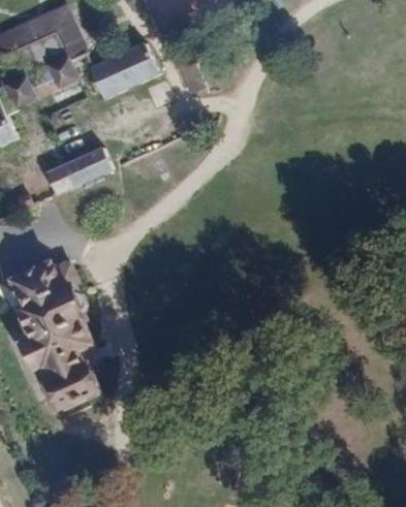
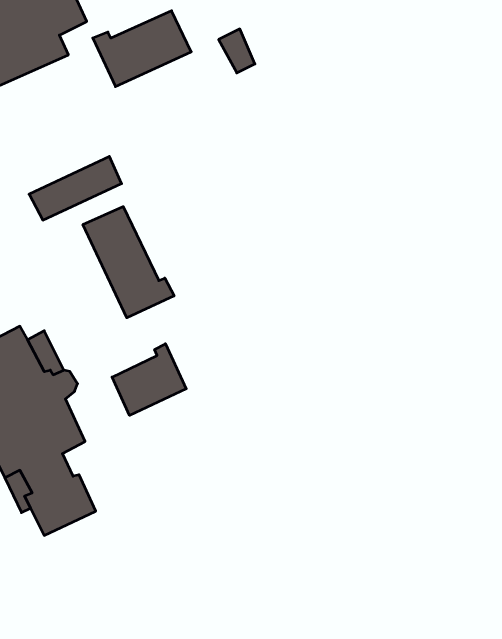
building: none -> [83,207,174,318]
building: none -> [112,344,186,415]

